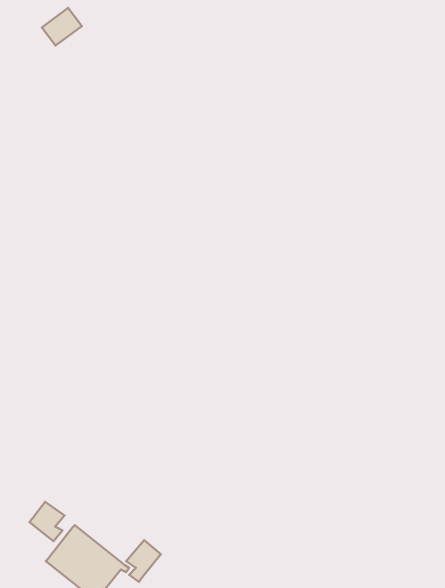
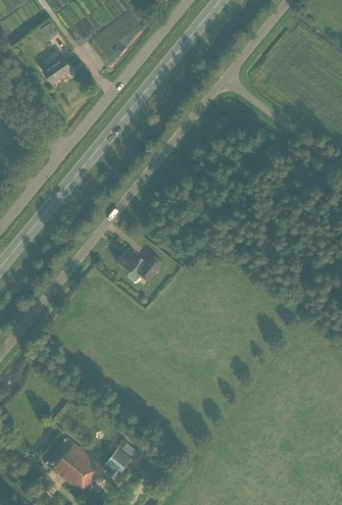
building: none -> [117,250,162,281]
building: [29,502,64,541] -> none

